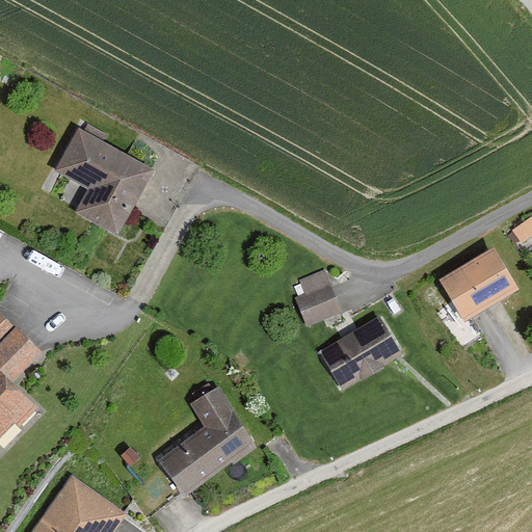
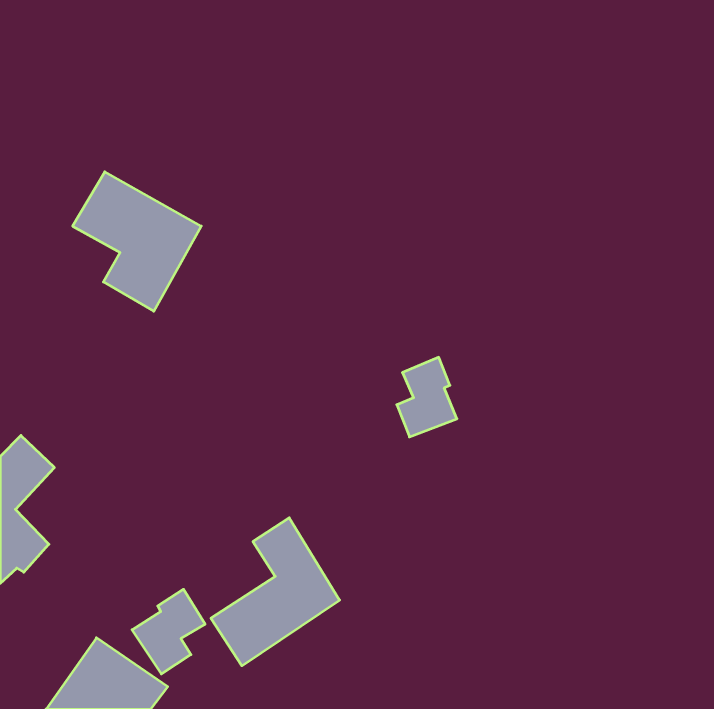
building: [437,246,515,321] -> none
building: [319,315,402,388] -> none
building: none -> [132,589,205,674]

